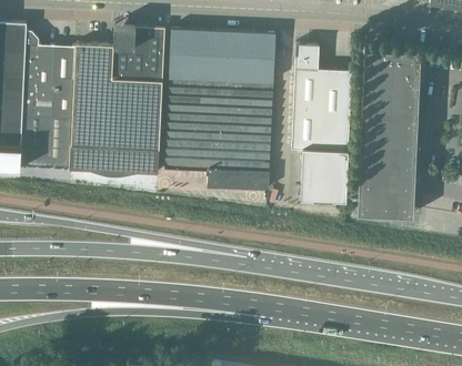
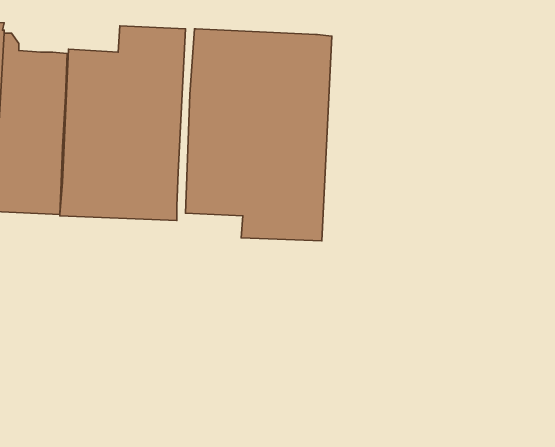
building: [291,43,351,202] -> none
building: [356,50,420,216] -> none

